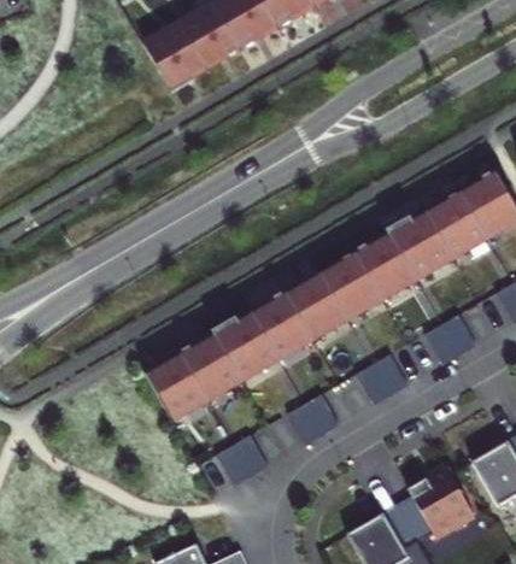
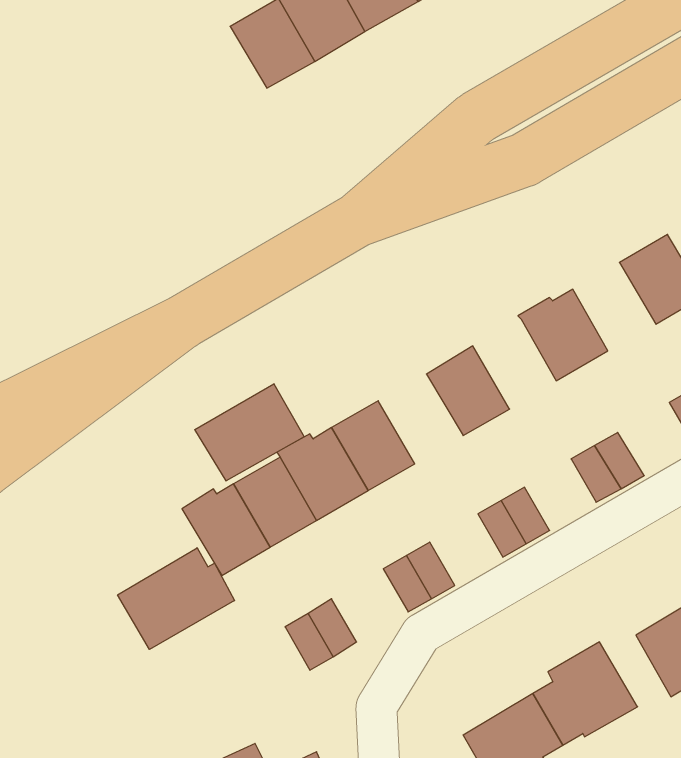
building: [143,22,205,90] -> none
building: [427,193,487,257] -> none
building: [354,234,415,299] -> none
building: [285,274,347,339] -> none
building: none -> [195,384,304,481]
building: none -> [118,548,235,649]

